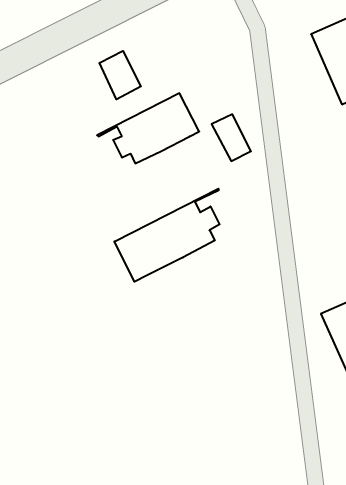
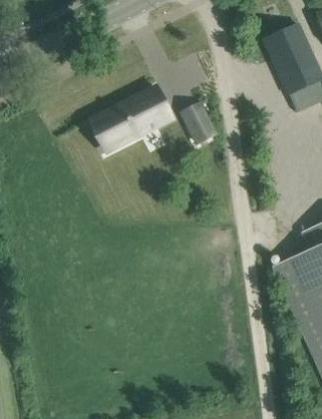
building: [99,51,141,99] -> none
building: [114,189,220,282] -> none

